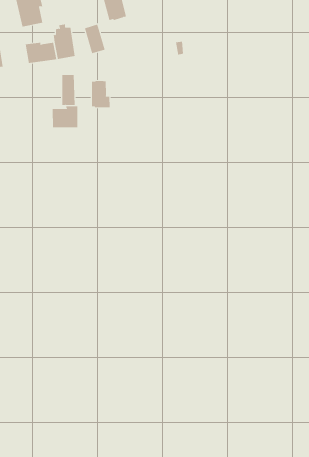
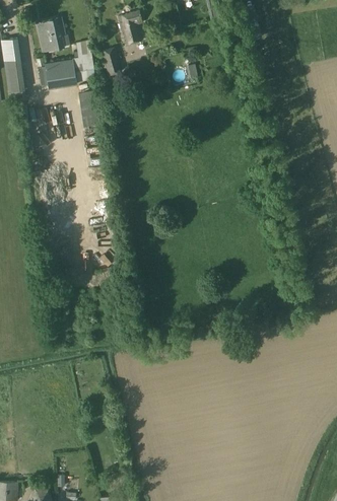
building: [92,80,110,108] -> none
building: [52,105,78,128] -> none

